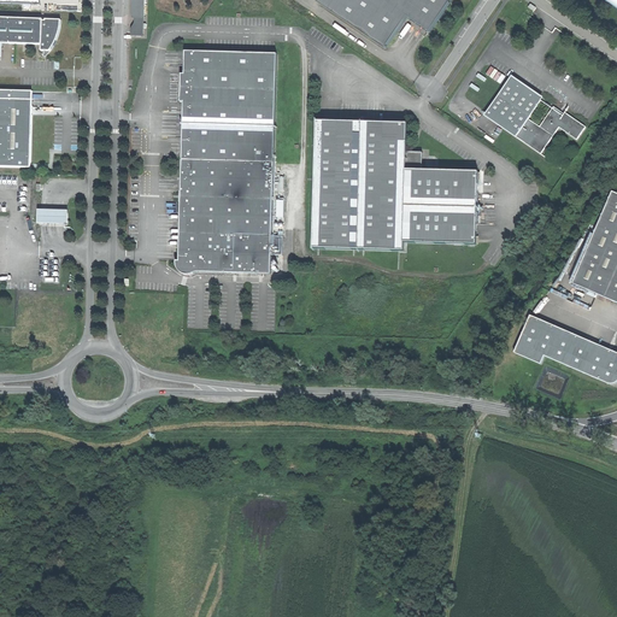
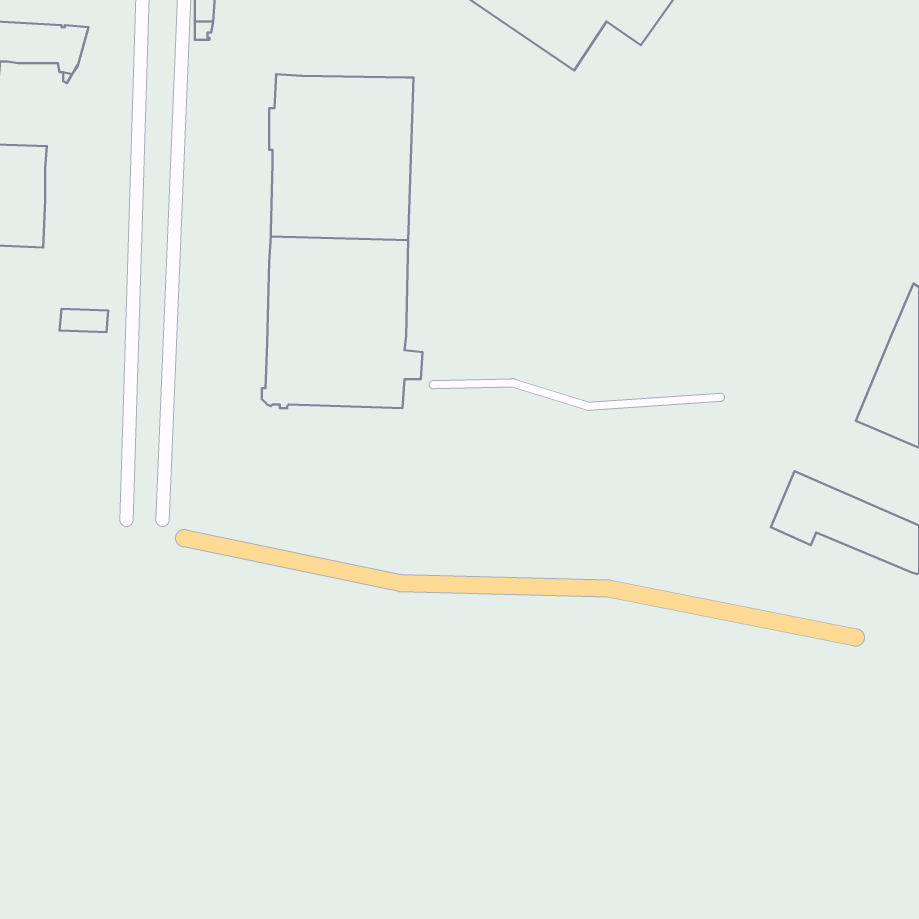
building: [484,76,584,151] -> none
building: [311,119,477,249] -> none

